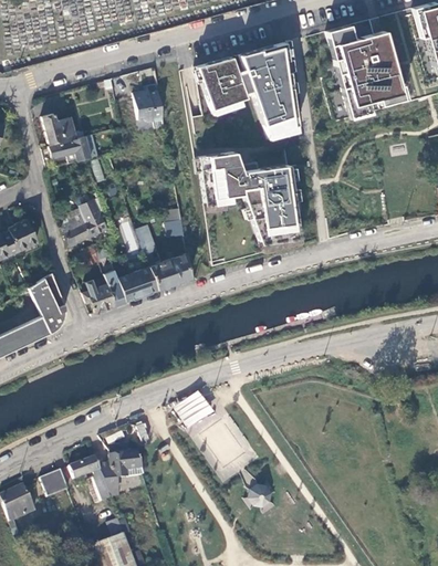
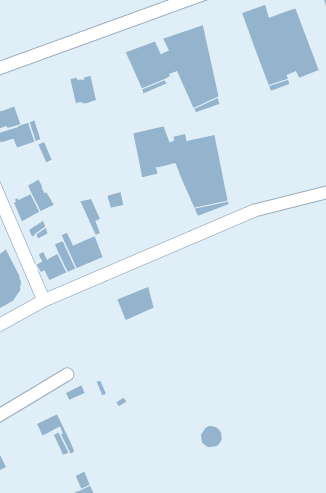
building: [149,253,190,290] -> [117,286,154,321]
building: [175,389,217,429] -> none
building: [98,453,144,492] -> none
building: [42,471,71,499] -> none

